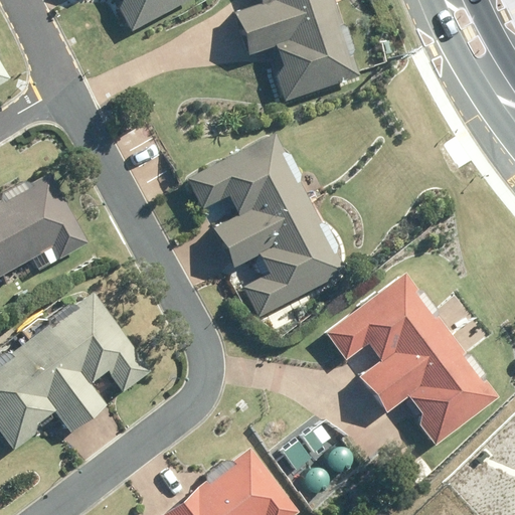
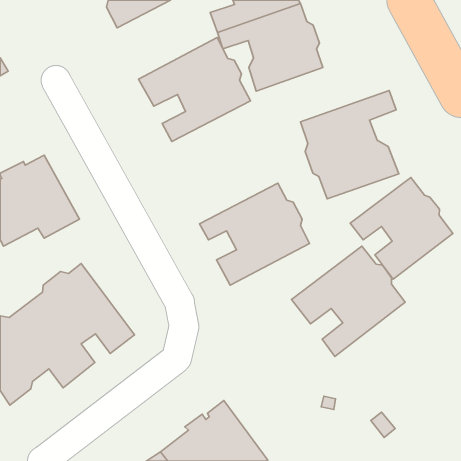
building: none -> [300,91,399,199]
building: [185,134,310,249] -> [139,38,250,141]
building: none -> [350,178,453,279]
building: [373,337,498,446] -> none

